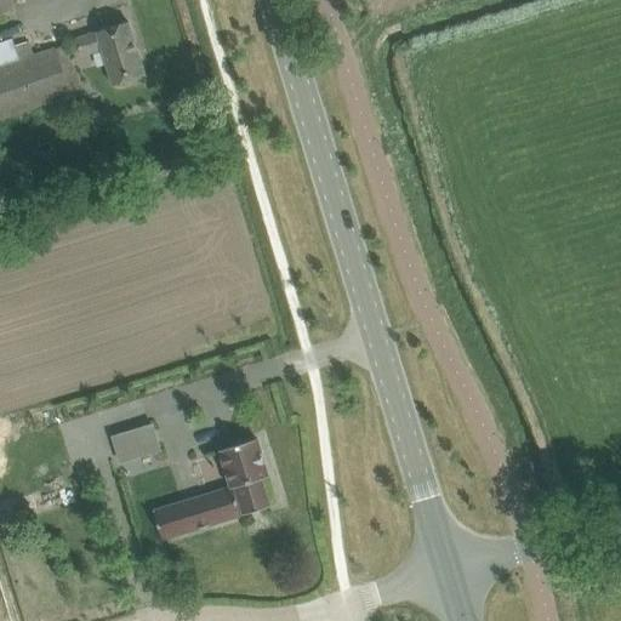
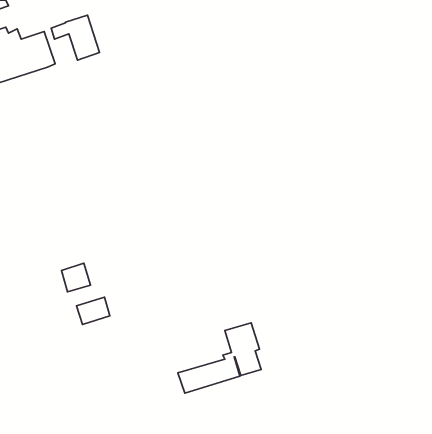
building: none -> [61,263,91,292]
building: [149,439,268,540] -> [178,323,261,393]

